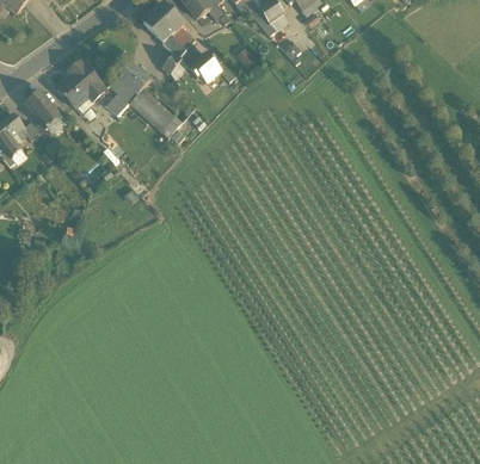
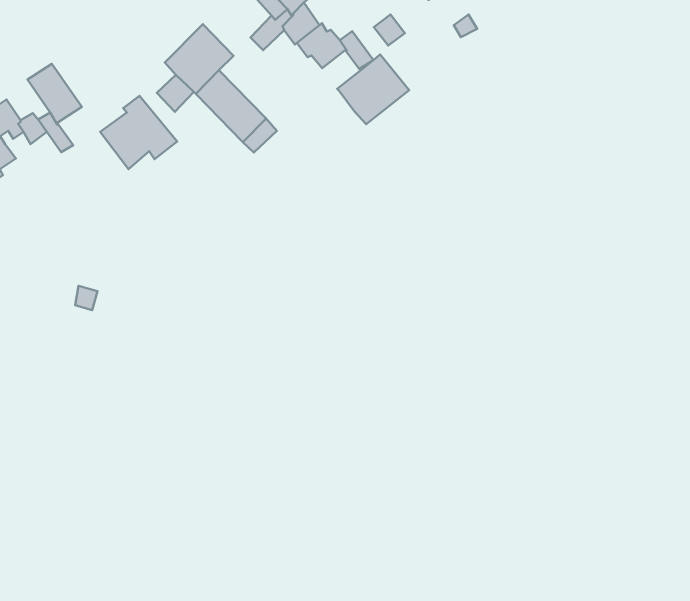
building: [57,60,105,105] -> [100,96,177,169]
building: none -> [337,55,409,124]

